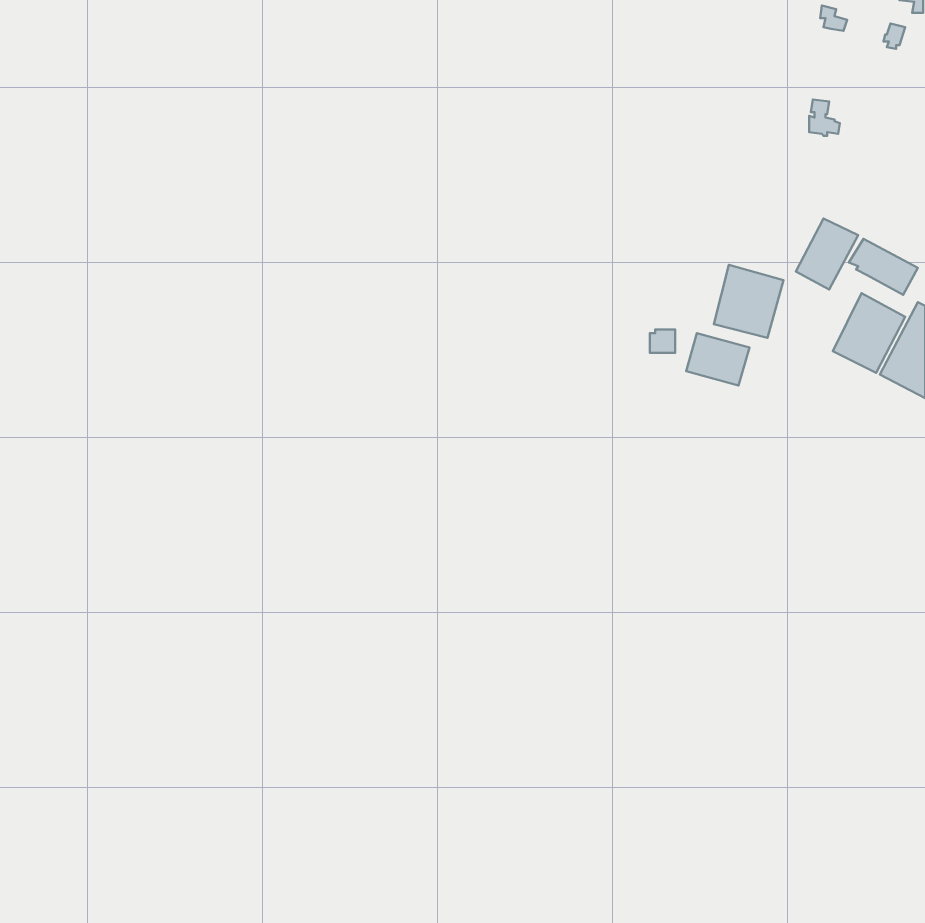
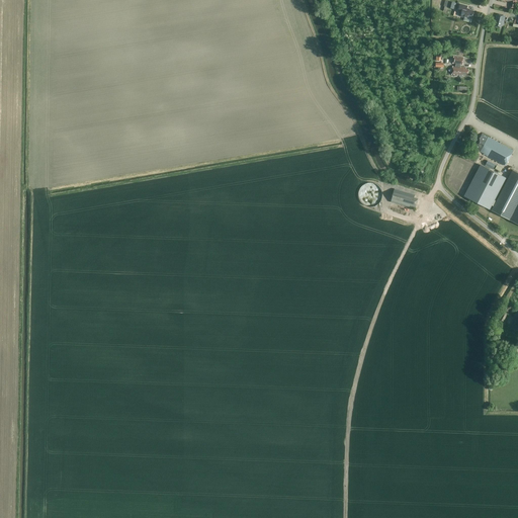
building: [796,218,858,289] -> none
building: [714,265,783,338] -> none

